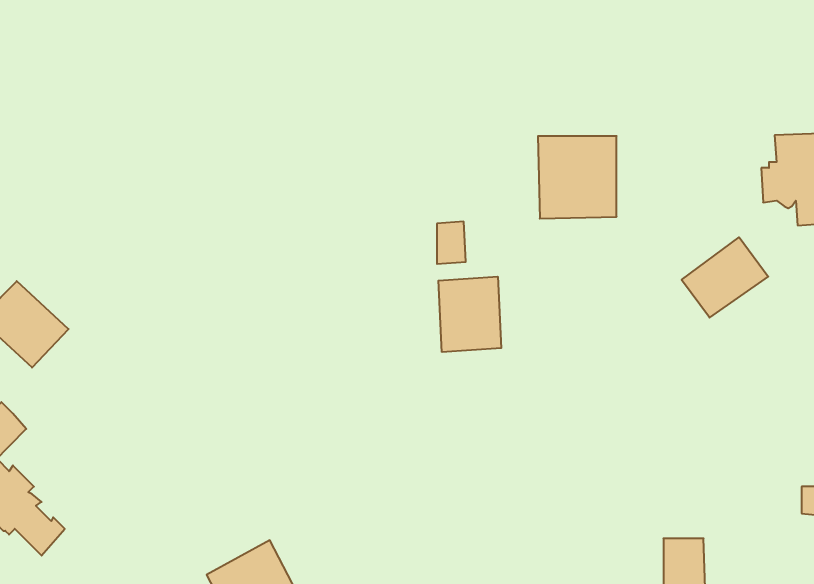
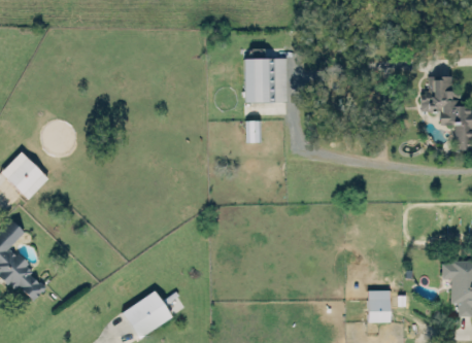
building: [538,136,617,219] -> [244,59,286,103]
building: [682,237,768,318] -> none
building: [438,277,501,352] -> none

